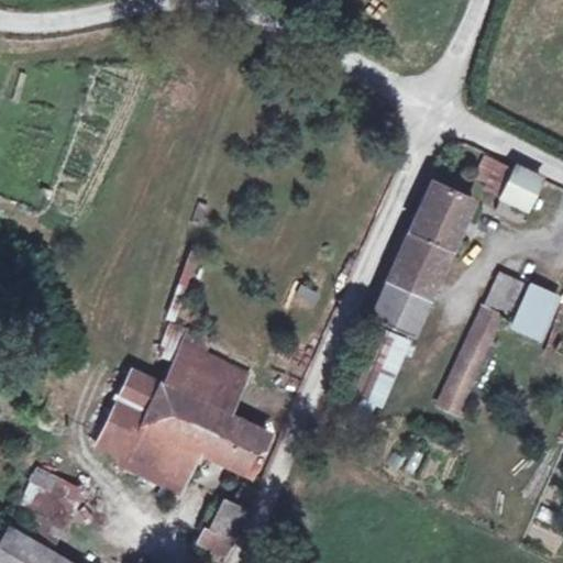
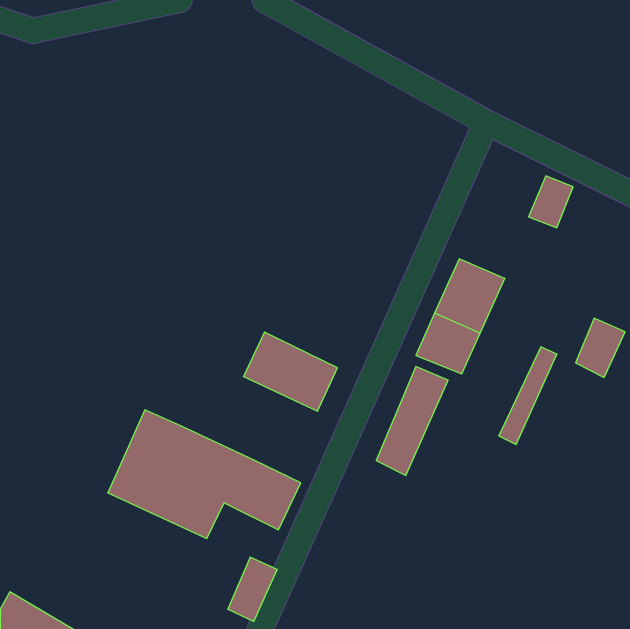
building: [505,166,544,208] -> none
building: [410,184,473,251] -> none
building: [483,273,530,325] -> none
building: [163,342,246,412] -> [243,332,337,411]
building: [23,471,82,531] -> none

